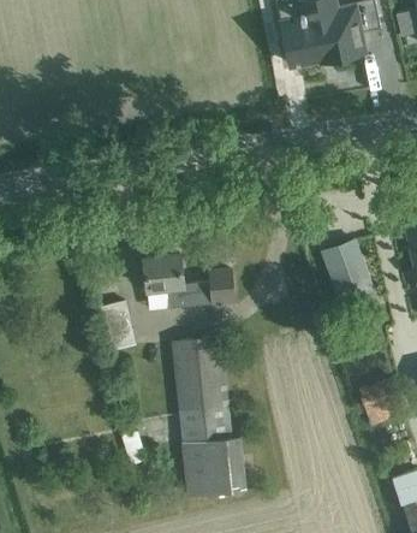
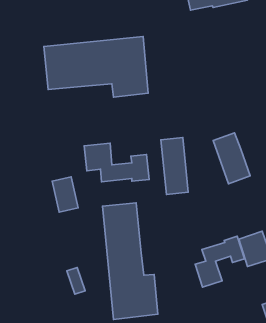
building: none -> [44,37,148,97]
building: none -> [161,138,188,194]
building: none -> [195,236,244,287]

